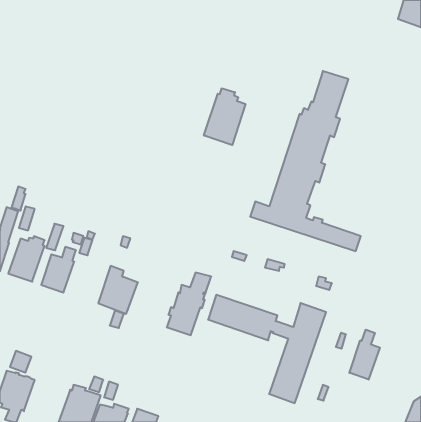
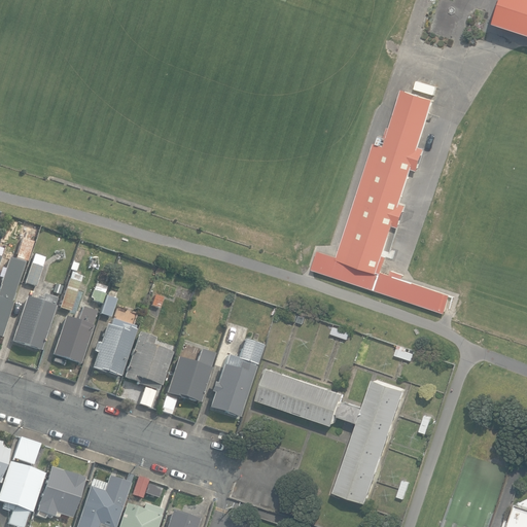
building: [204,88,245,145] -> none
building: none -> [91,319,135,377]
building: none -> [159,349,214,416]
building: [349,330,380,380] -> none
building: none -> [35,467,83,518]

